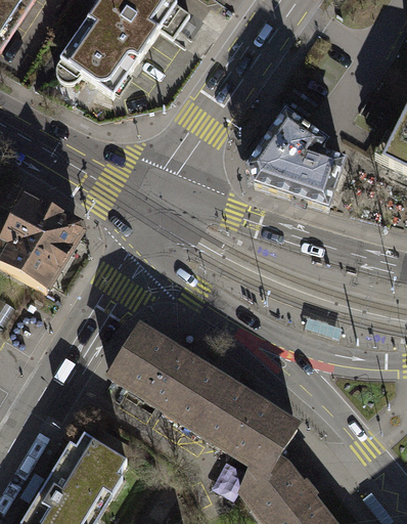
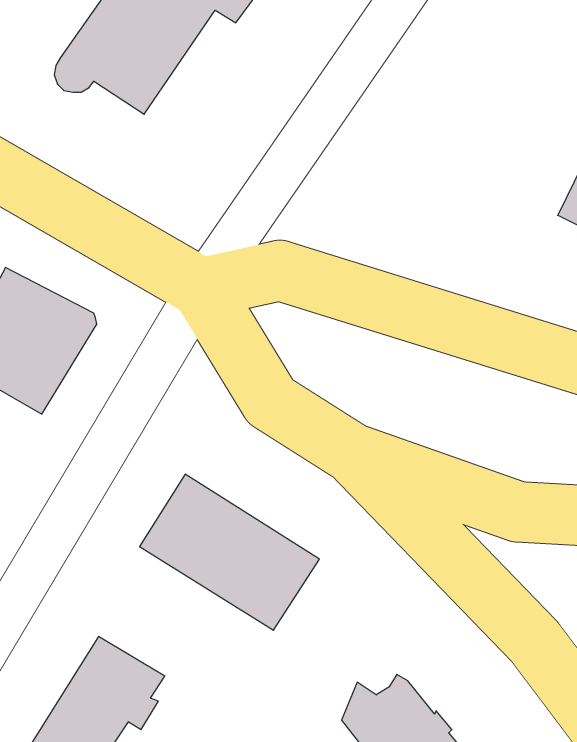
building: [250,111,345,206] -> none
building: [198,381,298,469] -> none

